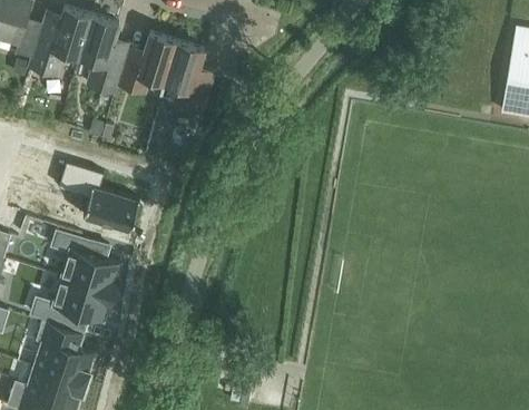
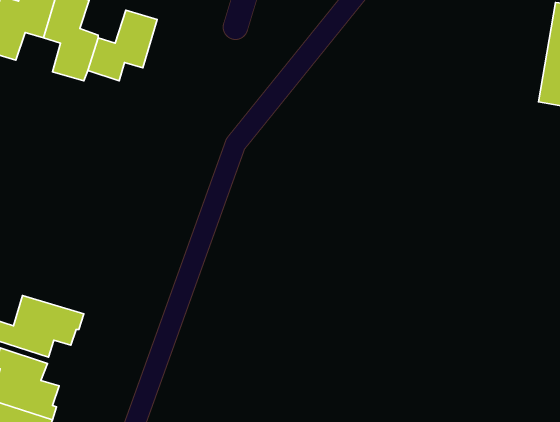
building: [164,42,210,111] -> none
building: [59,162,139,231] -> none
building: [51,231,119,293] -> none

